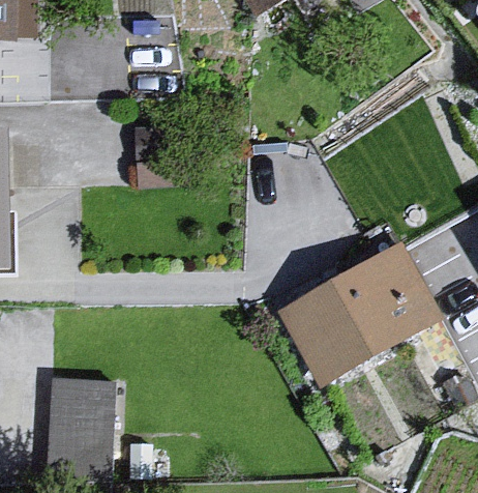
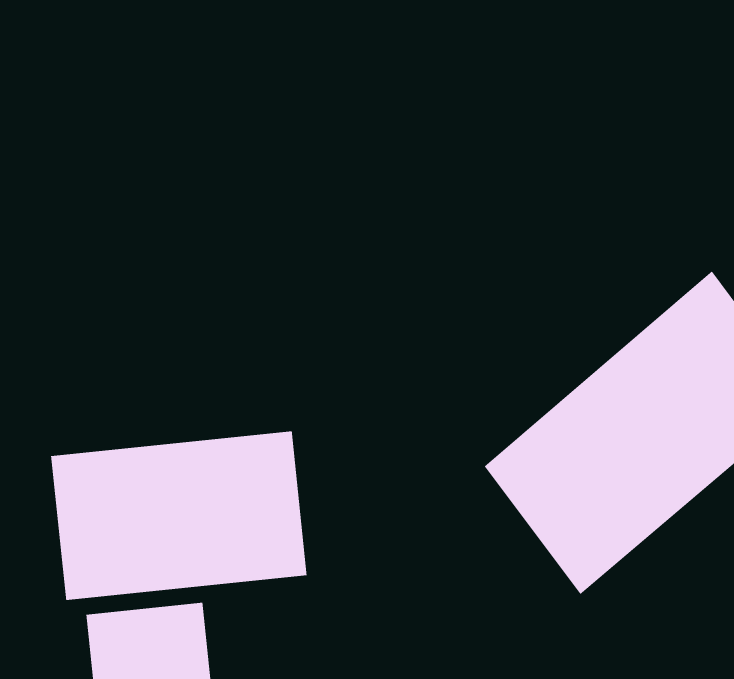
building: none -> [51,430,307,601]

